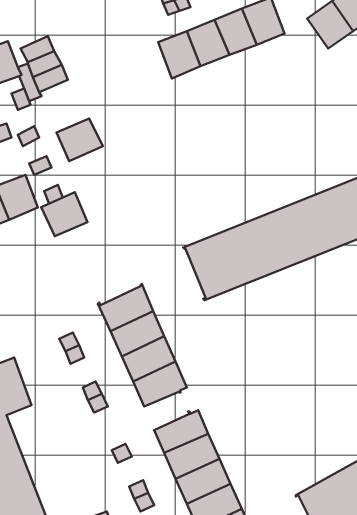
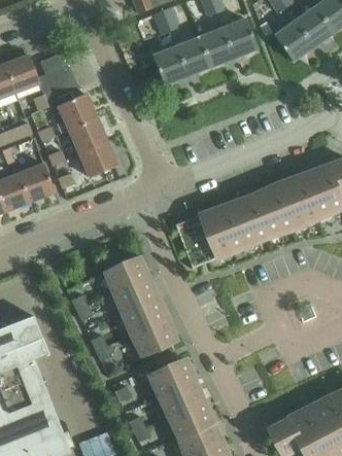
building: none -> [59,94,96,130]
building: [41,192,87,236] -> [79,141,117,177]

